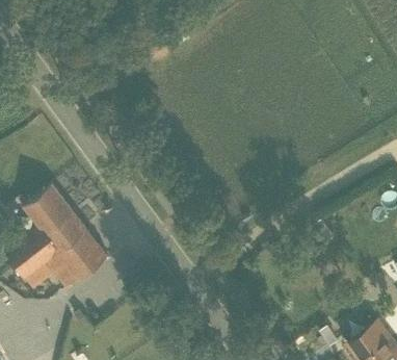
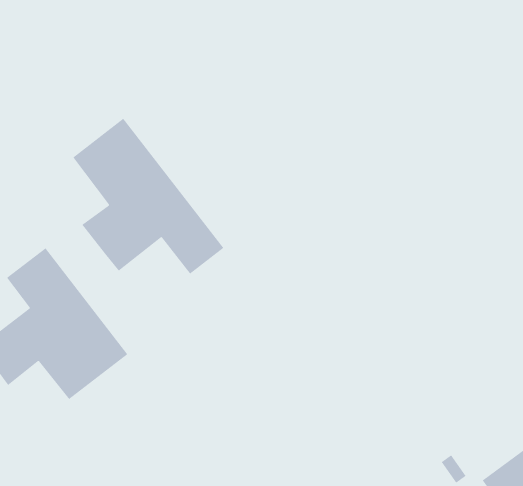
building: none -> [72,118,224,274]

